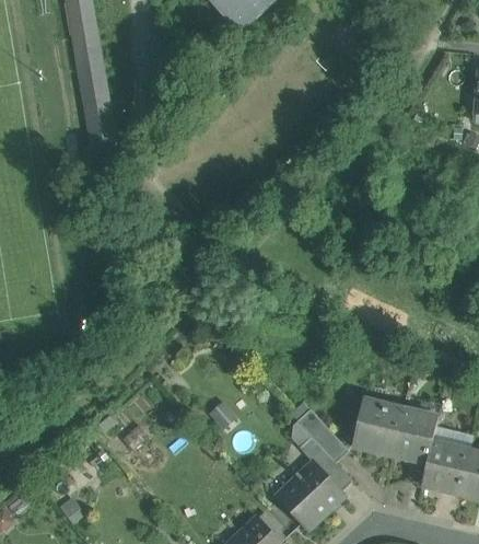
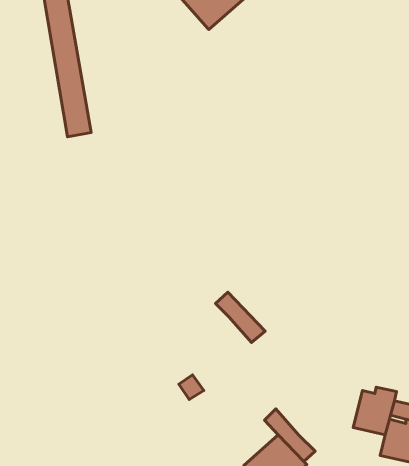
building: [354,402,402,454] -> none
building: [296,408,349,462] -> [215,292,265,343]

